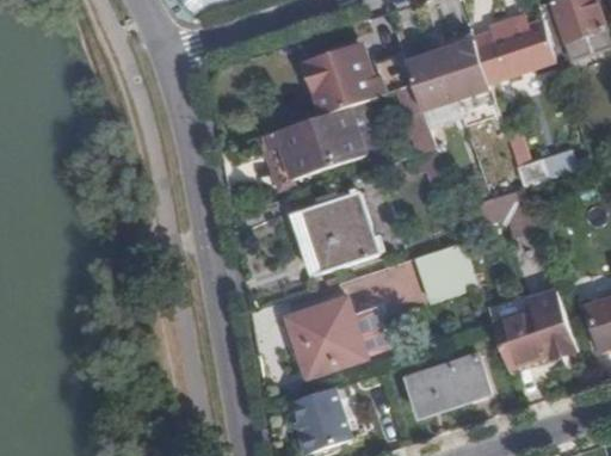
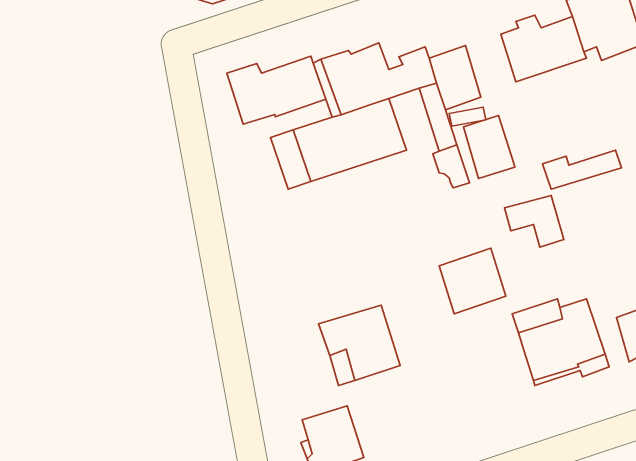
building: [442,37,490,97] -> [463,116,515,179]
building: none -> [227,56,326,124]
building: [298,189,379,271] -> none
building: [409,357,489,414] -> none

